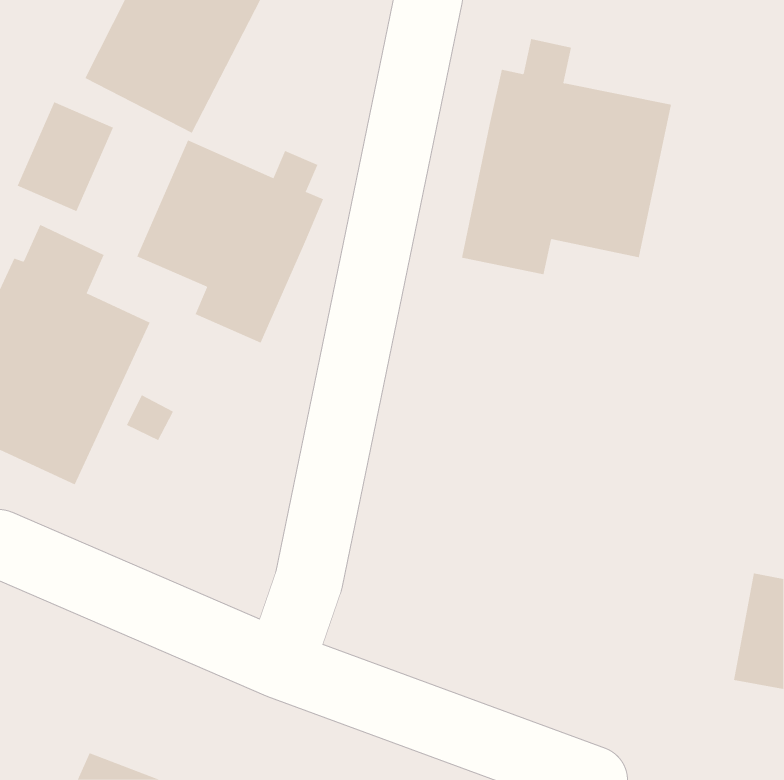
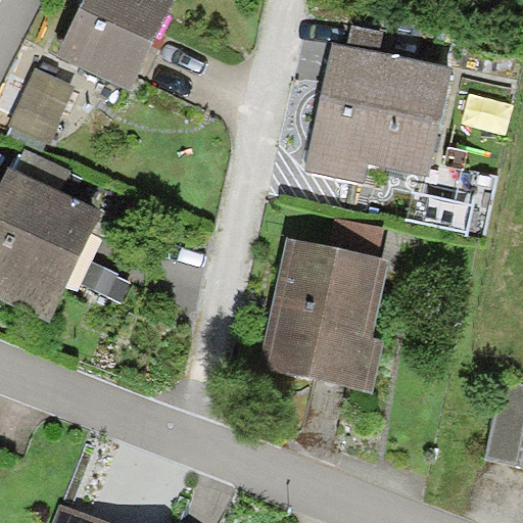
building: [136,139,324,344] -> none
building: none -> [262,239,389,389]

